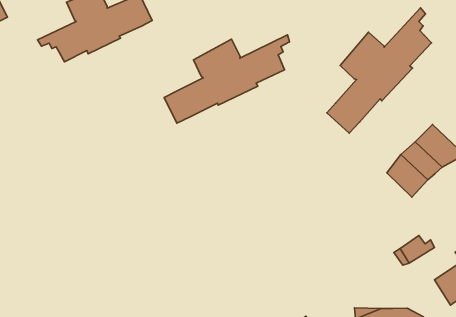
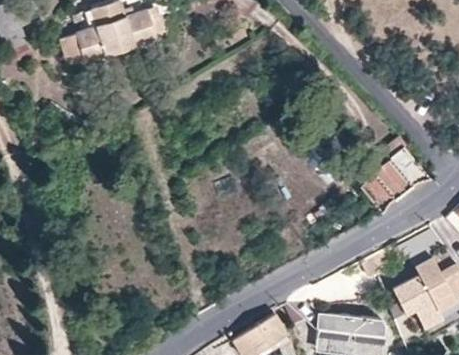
building: [327,8,431,133] -> none
building: [164,35,290,123] -> none

